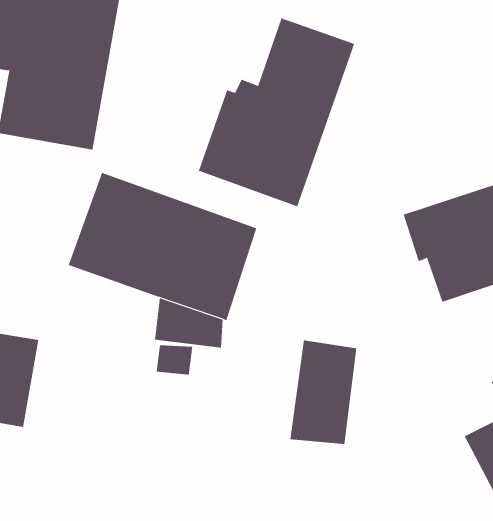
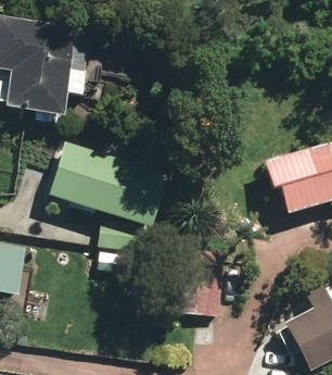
building: [198,18,355,207] -> none

